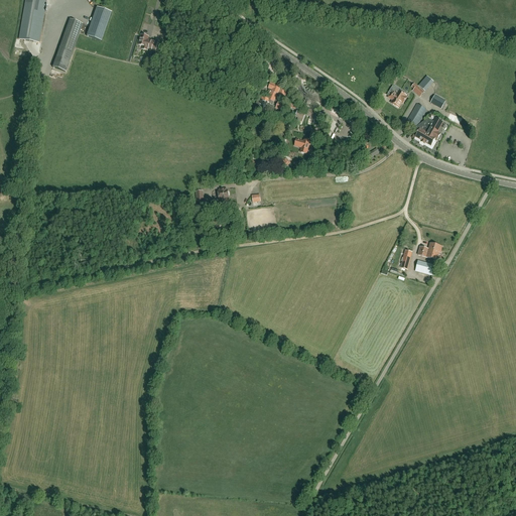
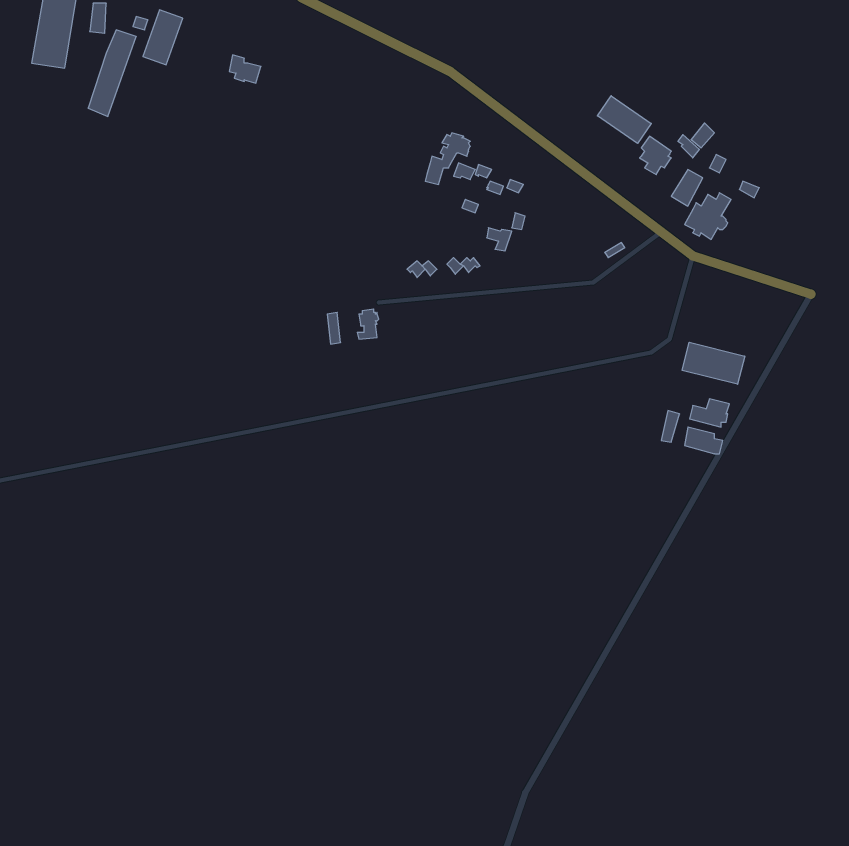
building: none -> [597,96,651,143]
building: none -> [682,342,745,384]

